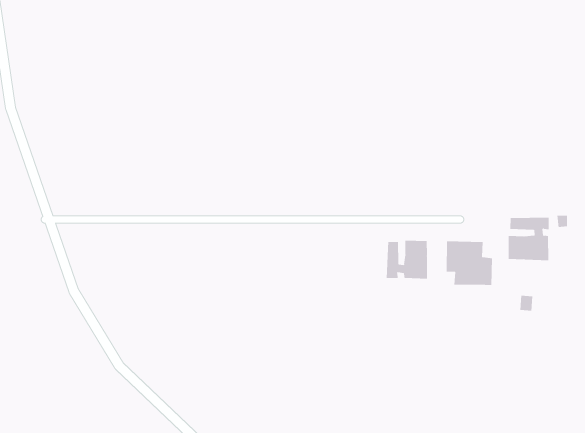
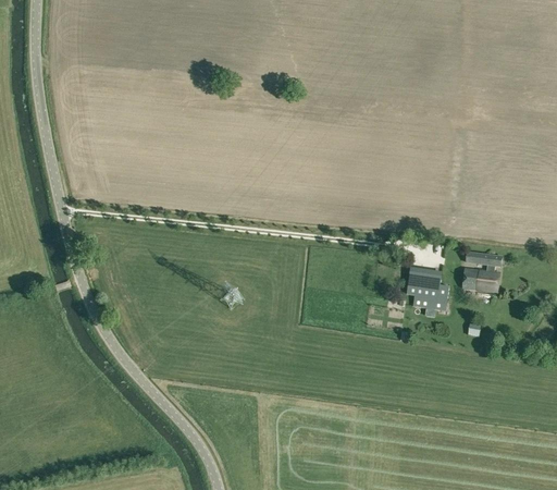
building: [386,240,428,279] -> none

